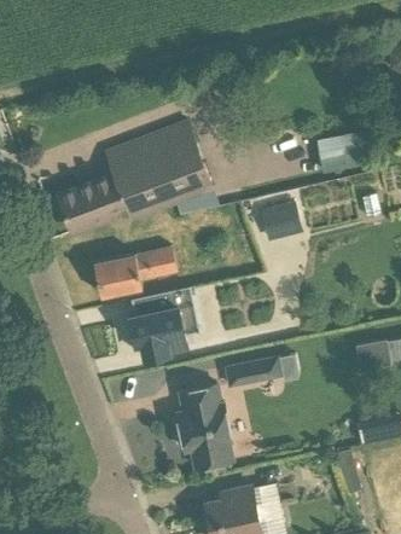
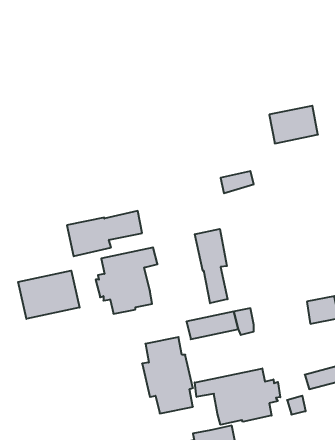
building: [58,122,213,232] -> none
building: none -> [195,229,228,303]
building: none -> [18,271,80,319]
building: none -> [195,368,280,425]

